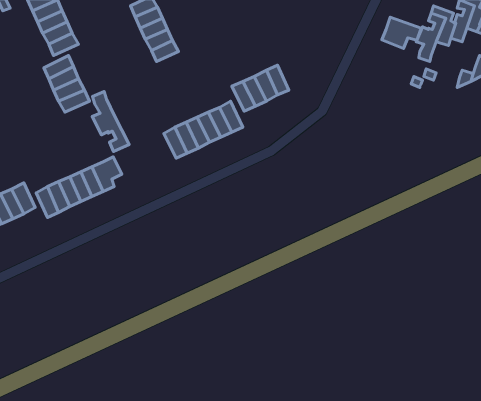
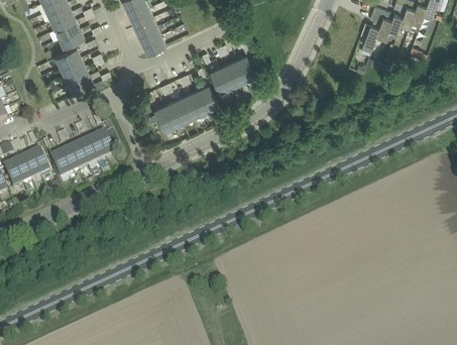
building: [382,17,421,48] -> none
building: [92,91,129,151] -> none

